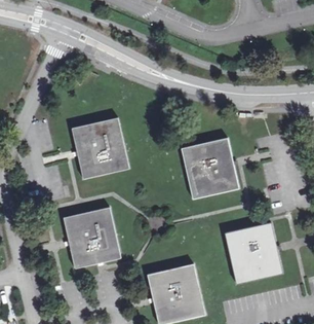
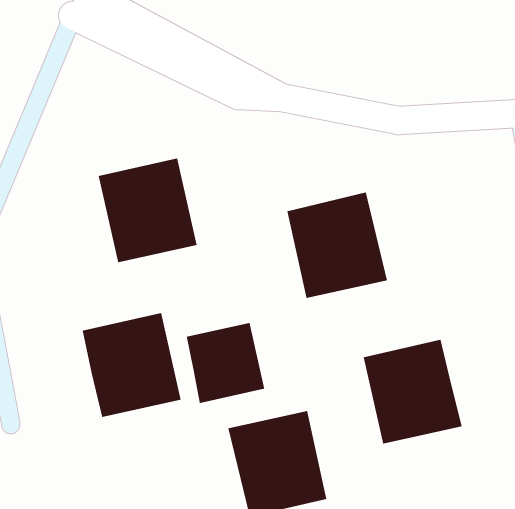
building: none -> [186,322,265,404]

